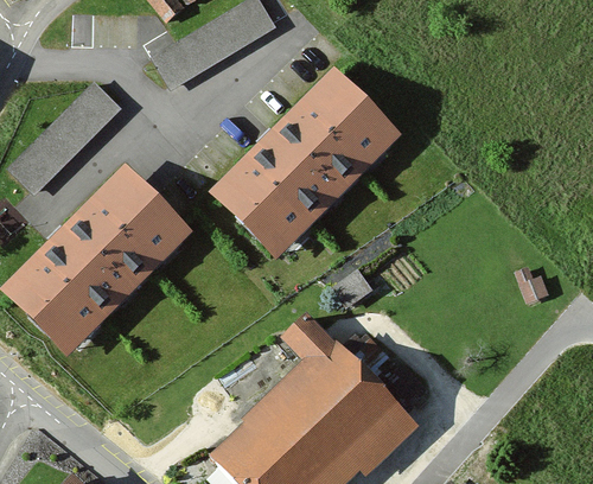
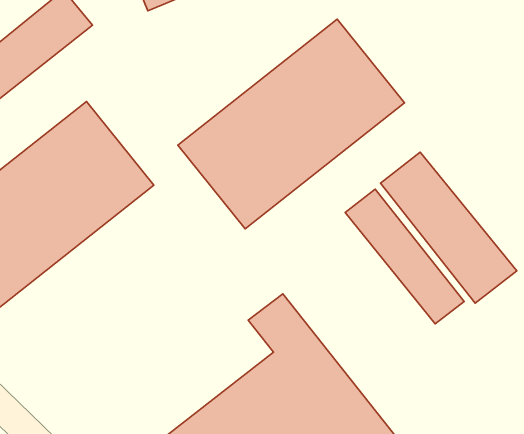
building: none -> [380,152,517,303]
building: none -> [345,189,464,324]

